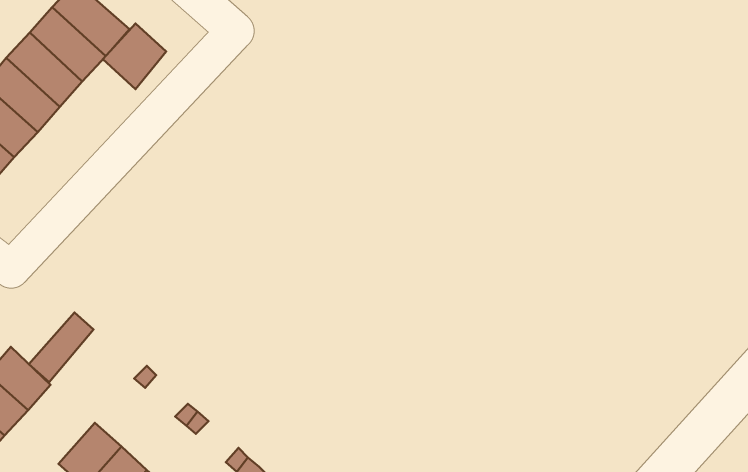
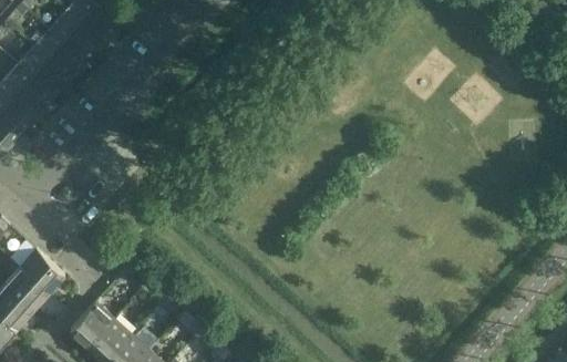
building: [103,24,166,89] -> none
building: [29,313,93,382] -> none

